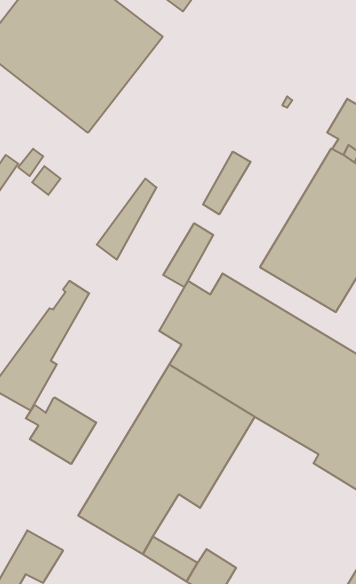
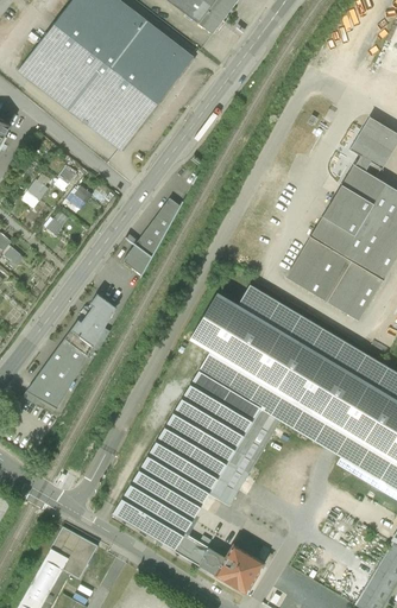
building: [203,152,251,214] -> none
building: [163,223,213,287] -> none
building: [26,397,96,464] -> none

